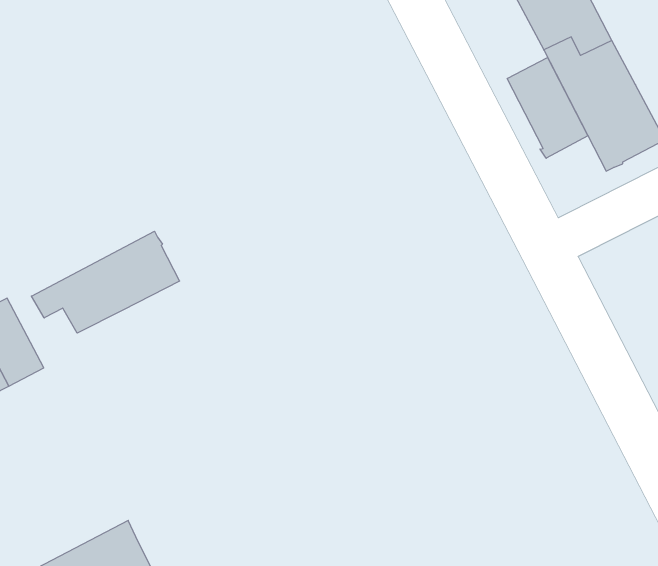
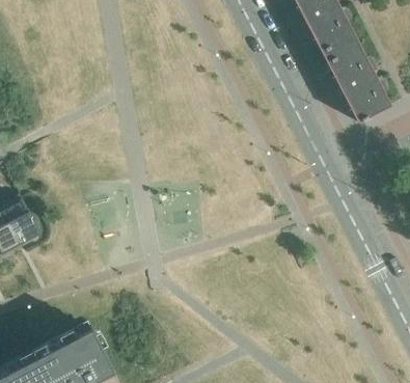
building: [507,58,588,158] -> none
building: [31,231,180,333] -> none

